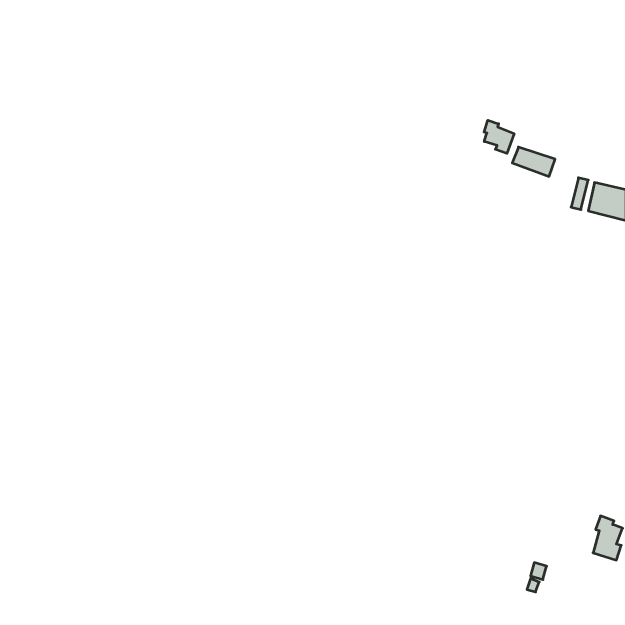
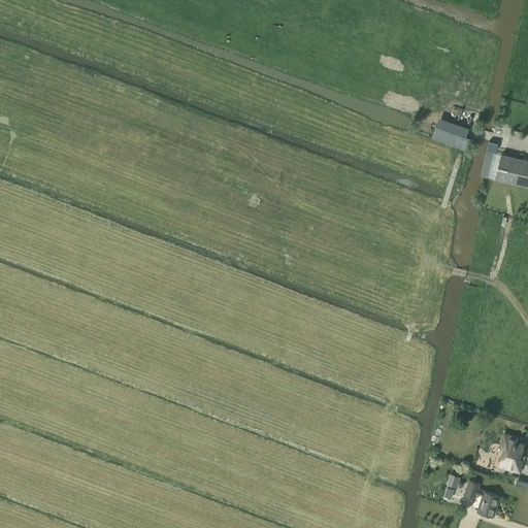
building: [484,120,514,153] -> none
building: none -> [466,481,501,517]

